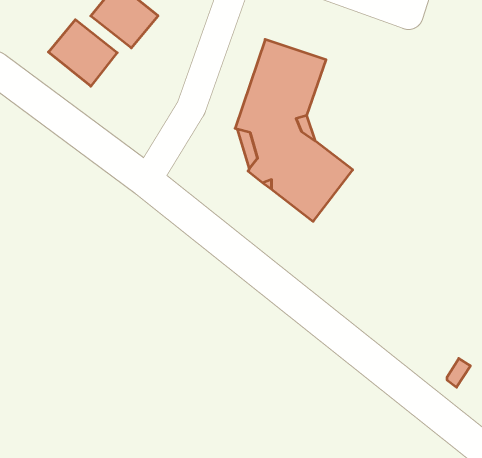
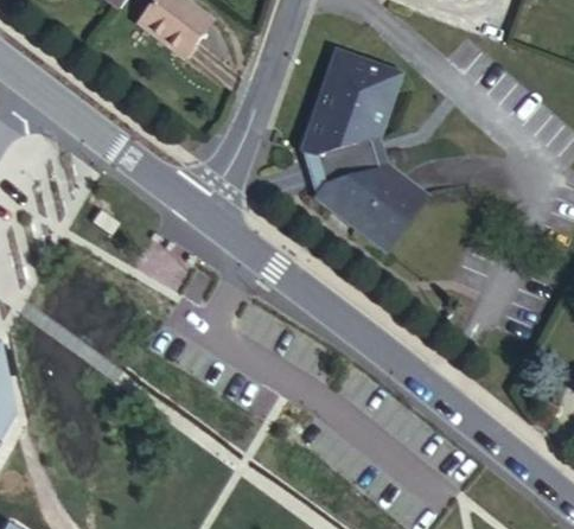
building: [48,20,117,86] -> none

